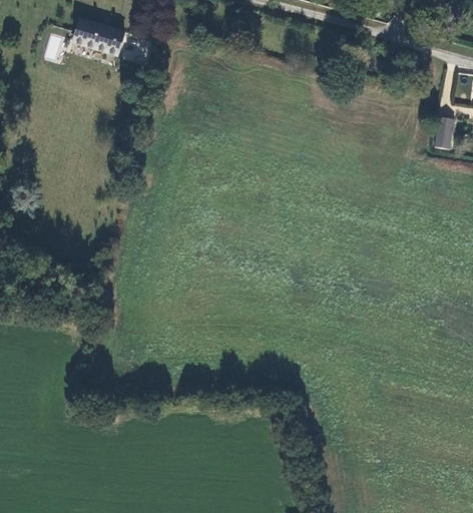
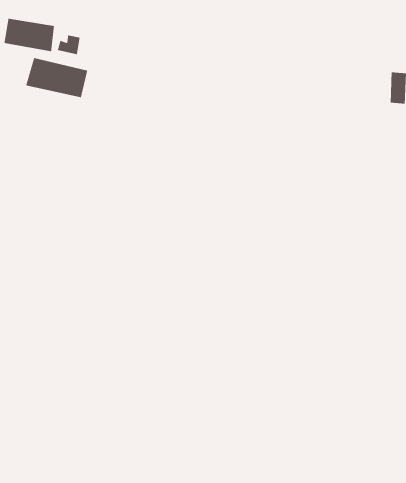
building: none -> [25,57,88,98]

